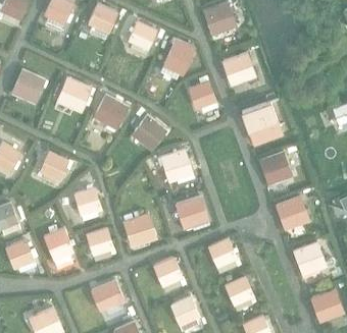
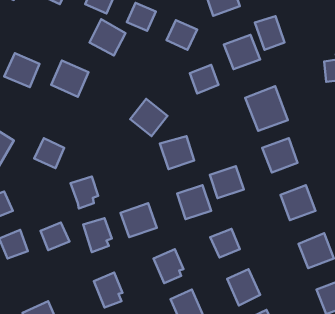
building: none -> [255,16,285,50]
building: [94,94,129,128] -> [89,19,126,55]
building: none -> [210,166,244,198]

